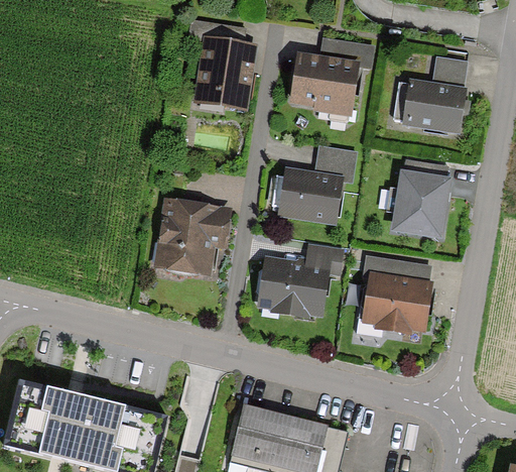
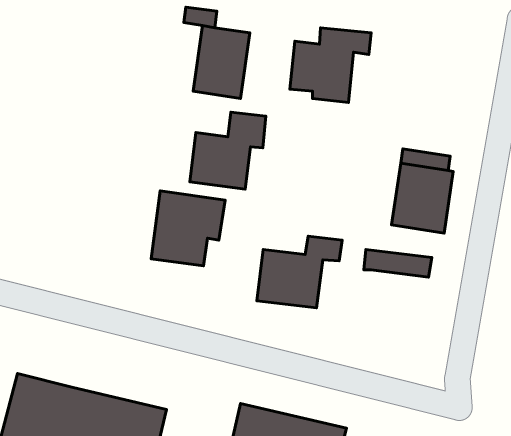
building: [406,56,467,129] -> none
building: [279,146,354,222] -> [190,112,266,189]
building: [365,277,427,333] -> none

